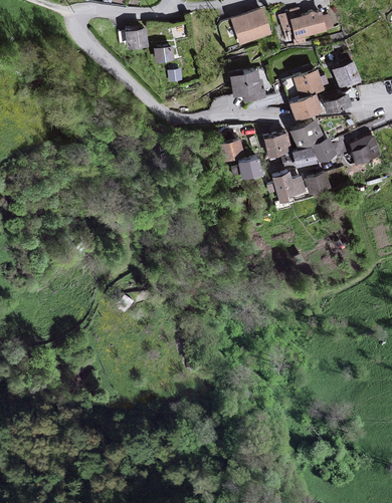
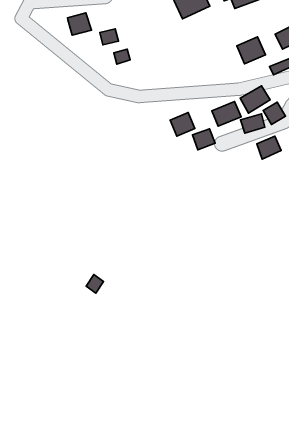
building: [230,69,263,101] -> none
building: [287,93,320,119] -> none
building: [273,172,304,198] -> none

